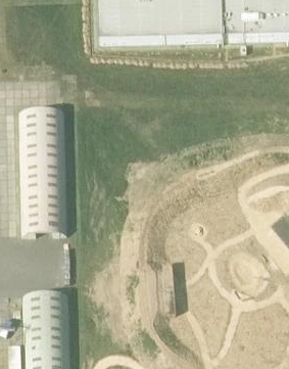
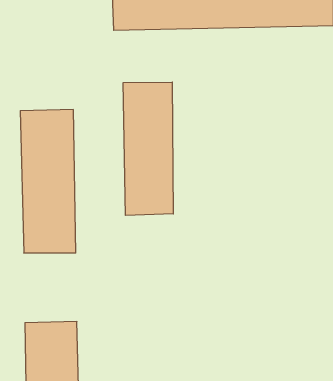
building: none -> [123,82,173,215]

